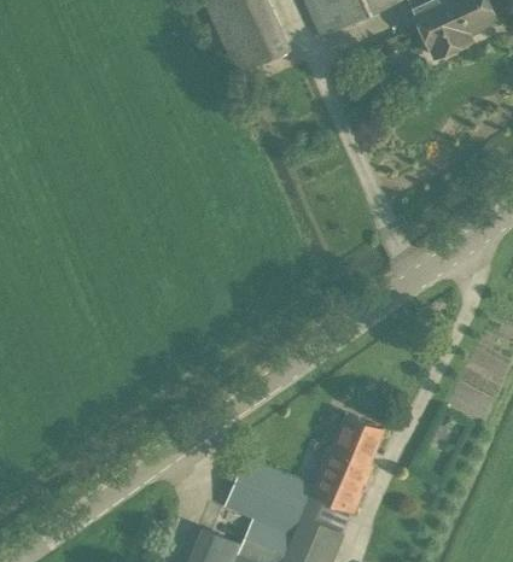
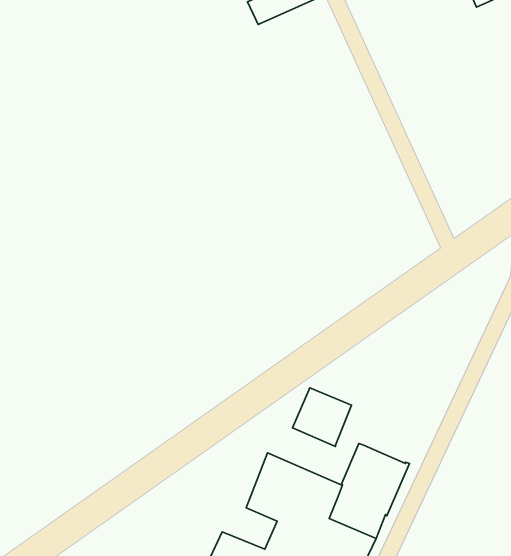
building: [330,415,383,468] -> [293,388,351,447]

